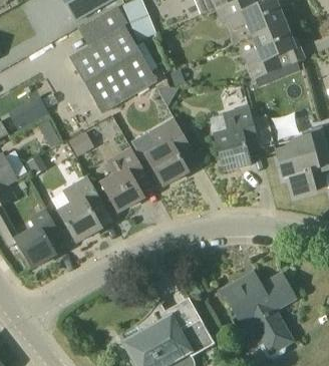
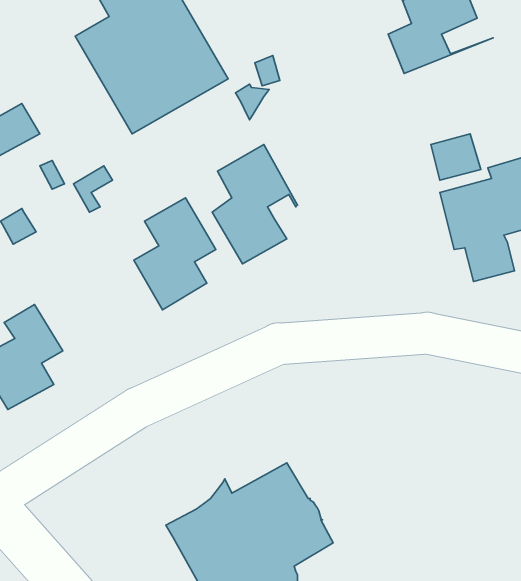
building: [214,106,259,170] -> none
building: [52,176,101,242] -> none
building: [222,271,297,359] -> none

